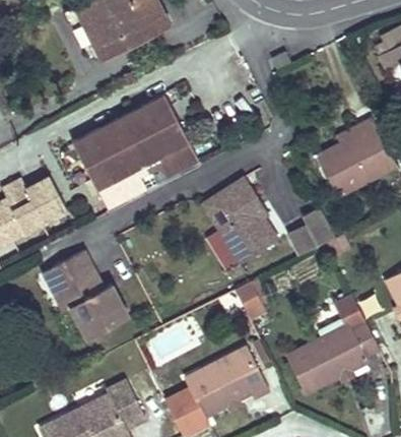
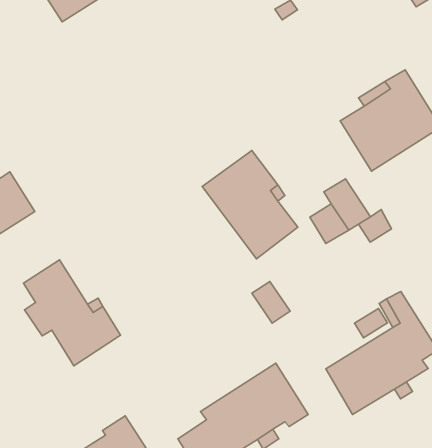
building: [70,100,198,210] -> none

